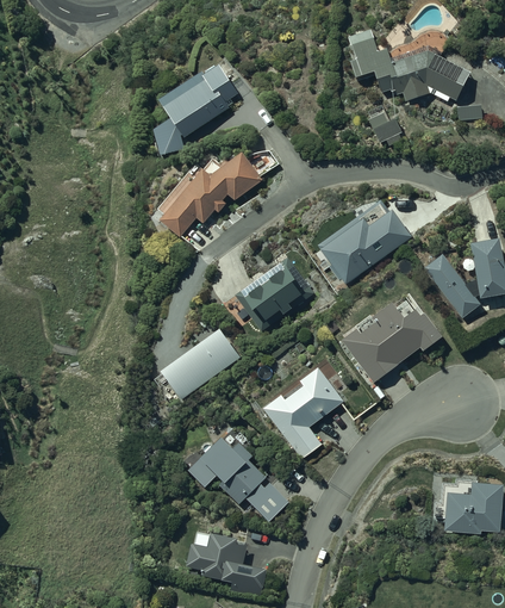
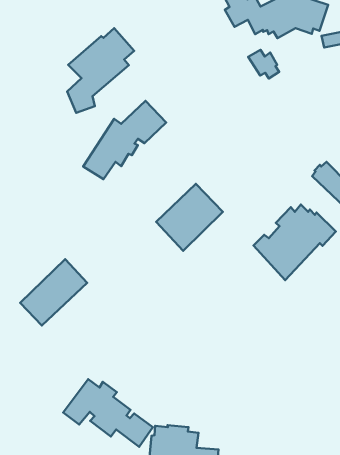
building: [317,199,413,284] -> none
building: [161,325,242,398] -> [20,259,87,325]
building: [263,366,344,459] -> none
building: [188,434,289,521] -> [63,379,153,447]

